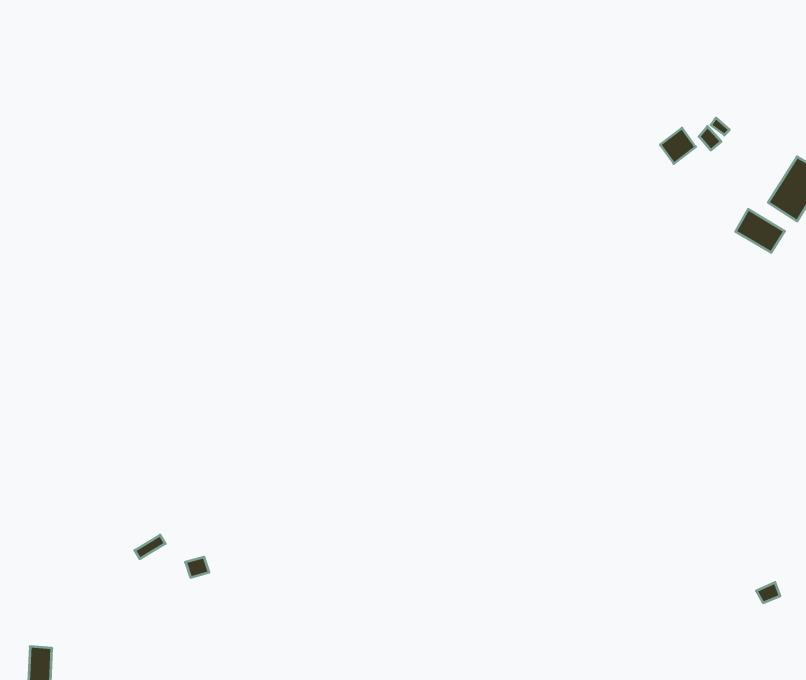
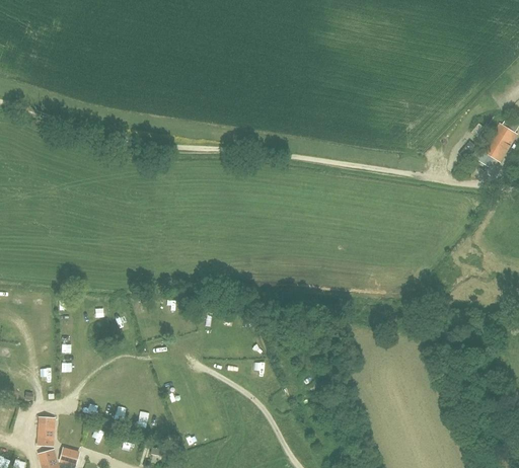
building: [736,209,785,252] -> none

